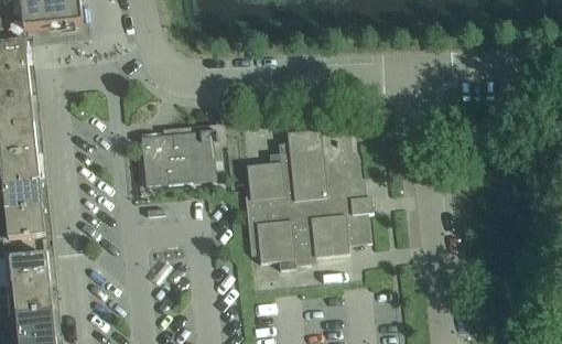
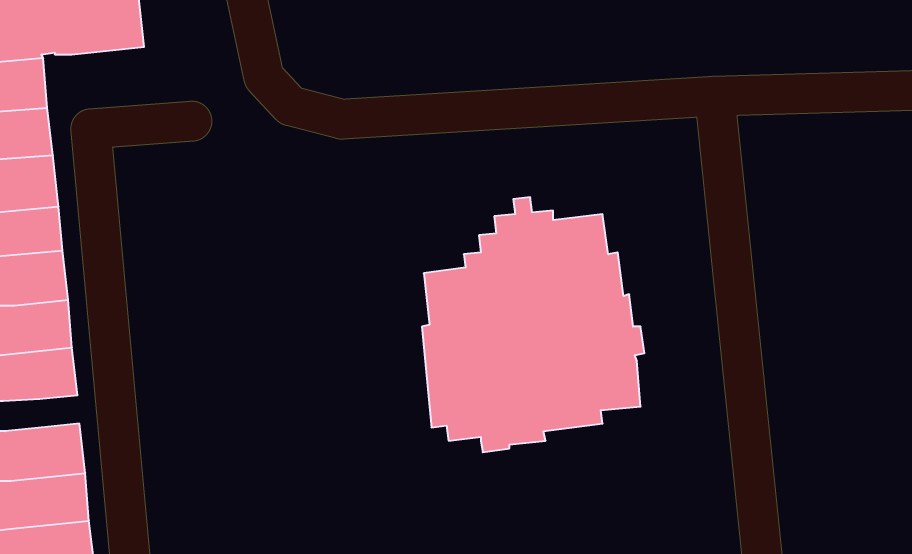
building: [141,126,224,184] -> none

